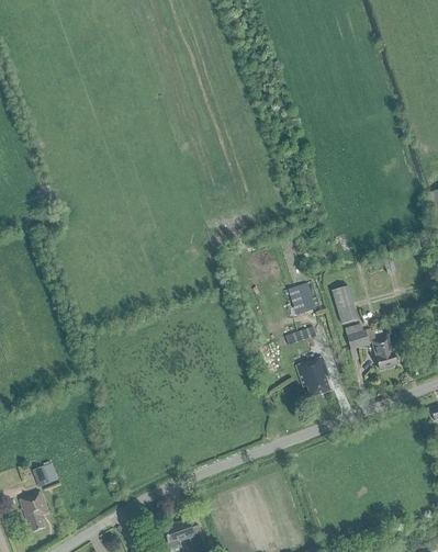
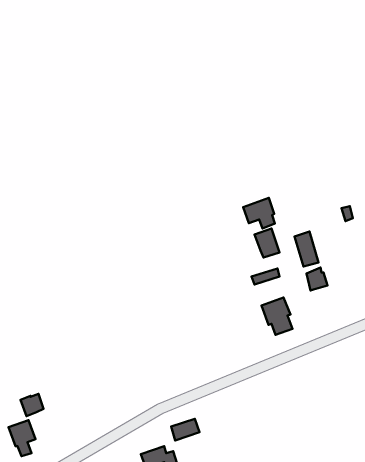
building: none -> [243,198,275,229]
building: [372,336,396,369] -> none
building: none -> [171,419,200,440]

